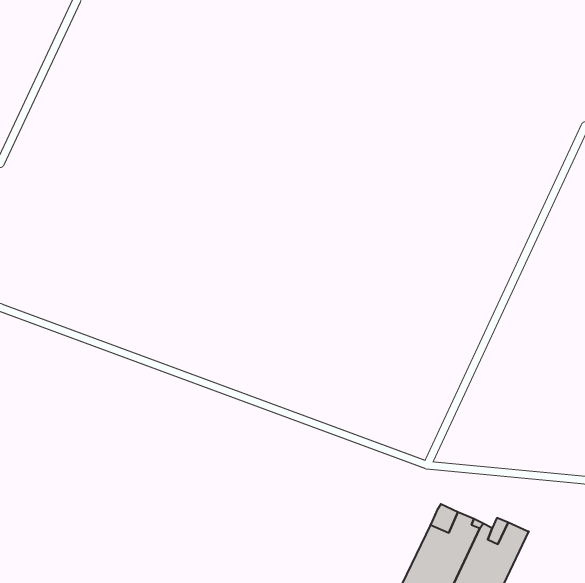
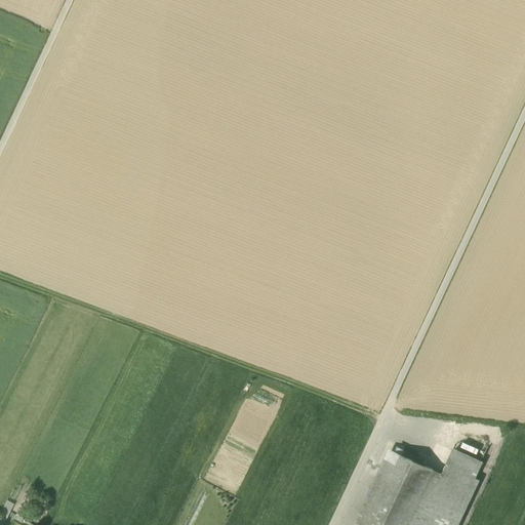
building: none -> [445,452,480,478]

